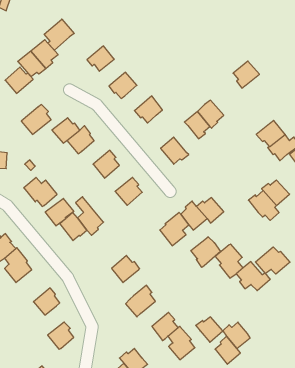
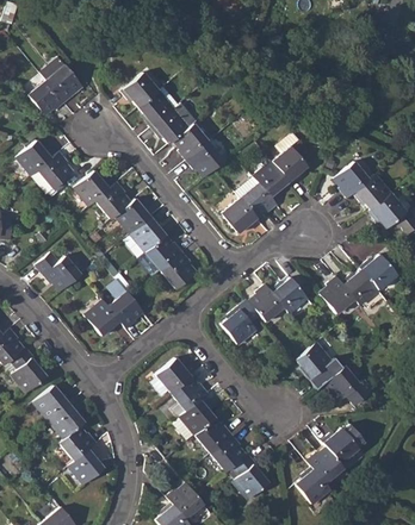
building: [44,19,74,50] -> none
building: none -> [138,87,179,127]
building: [233,61,259,88] -> [334,161,370,198]
building: [5,67,33,93] -> [17,139,55,175]
building: none -> [173,123,210,161]
building: none -> [240,181,278,218]
building: none -> [114,199,153,233]
building: none -> [145,235,184,270]
building: none -> [320,276,354,313]
building: [45,198,74,226] -> none
building: [191,237,220,267] -> none
building: [255,247,290,274] -> none
building: none -> [171,376,209,412]
building: none -> [33,385,72,420]
building: none -> [194,419,233,454]
building: none -> [58,426,98,461]
building: [196,317,223,342] -> [321,429,358,463]

